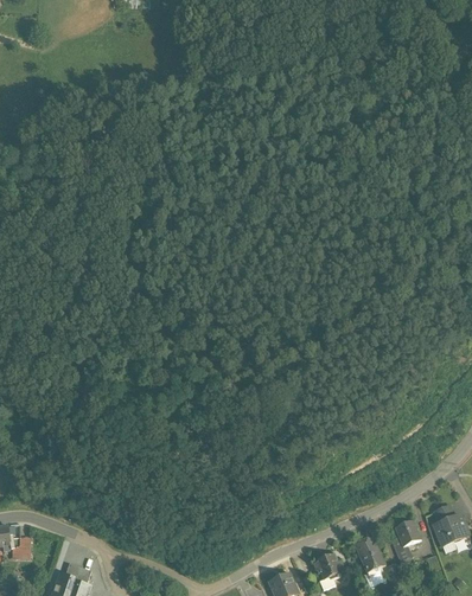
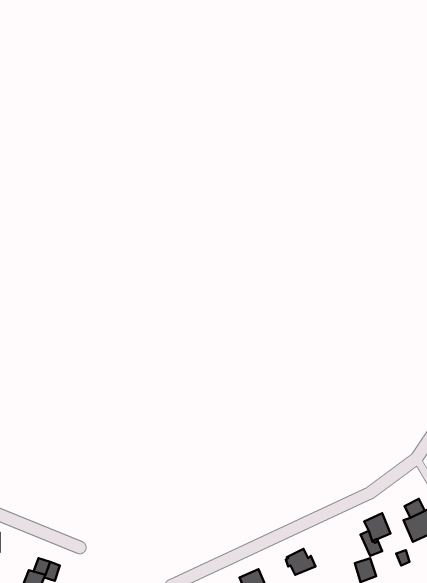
building: [355,537,387,573] -> none

